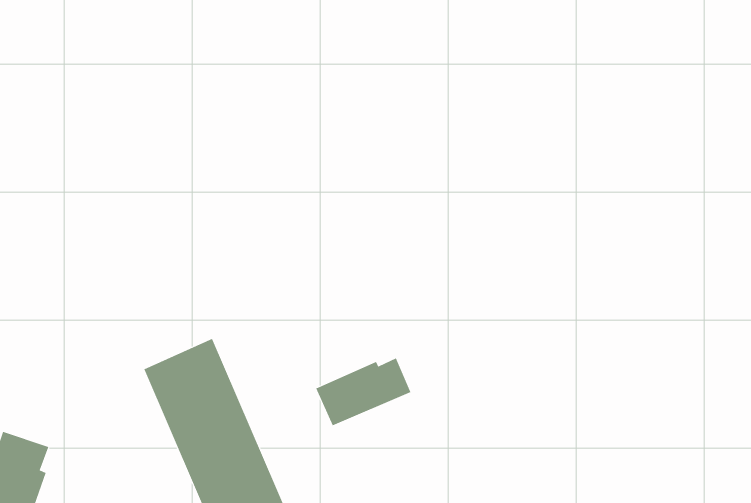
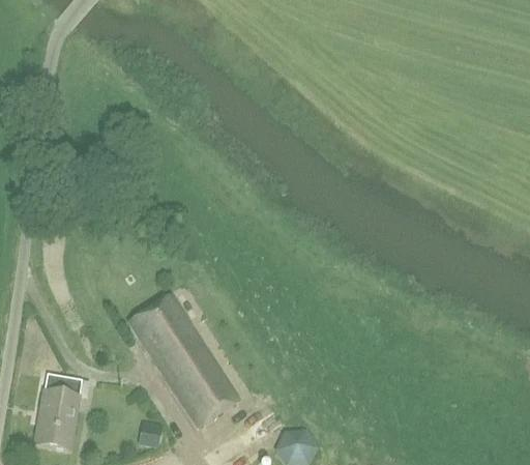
building: [315,357,411,426] -> none

